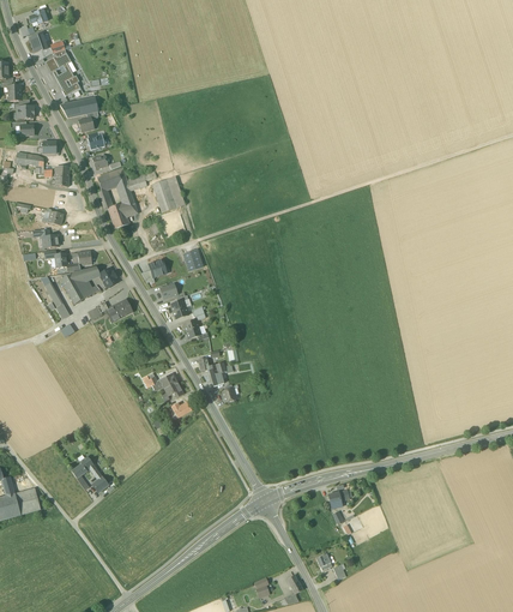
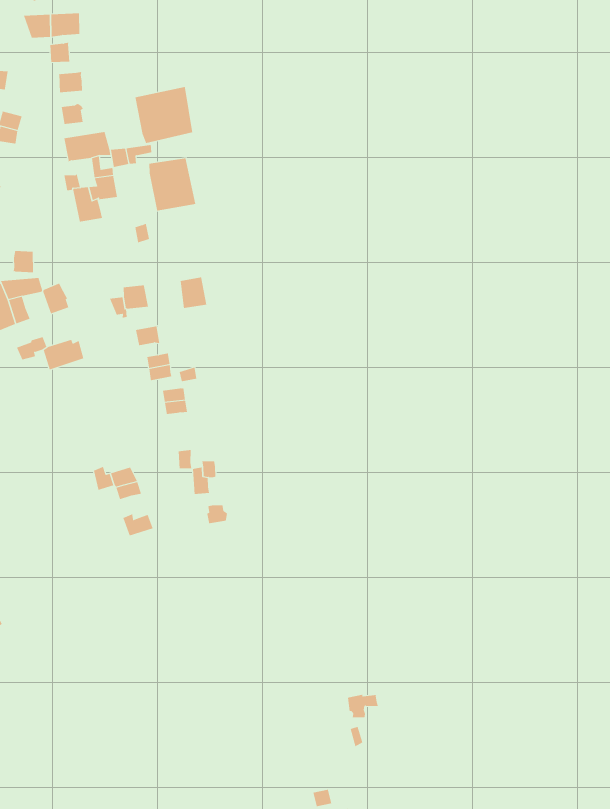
building: none -> [135,86,193,144]

